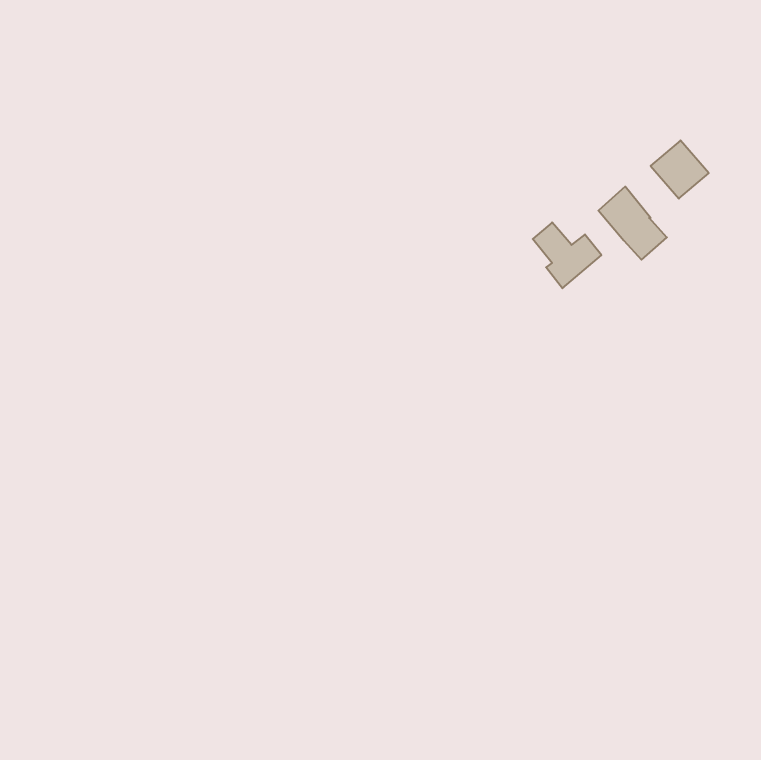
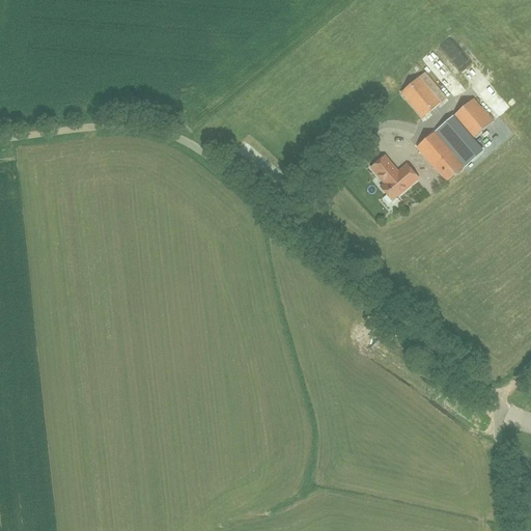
building: none -> [400,72,445,117]
building: none -> [439,115,481,161]

